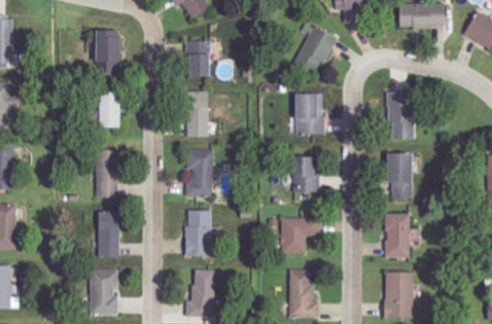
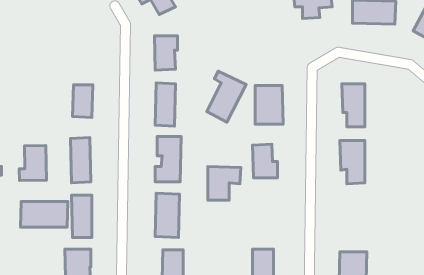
building: [294,21,337,75] -> [207,71,246,122]
building: [93,30,119,75] -> none
building: none -> [19,146,47,181]
building: [384,213,411,258] -> none
building: [282,217,317,253] -> [208,166,241,200]
building: none -> [20,202,68,227]

